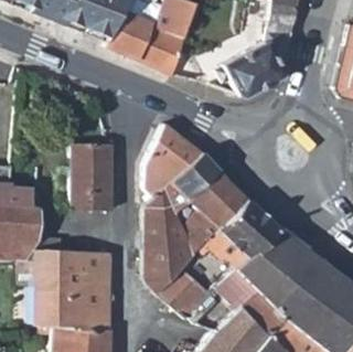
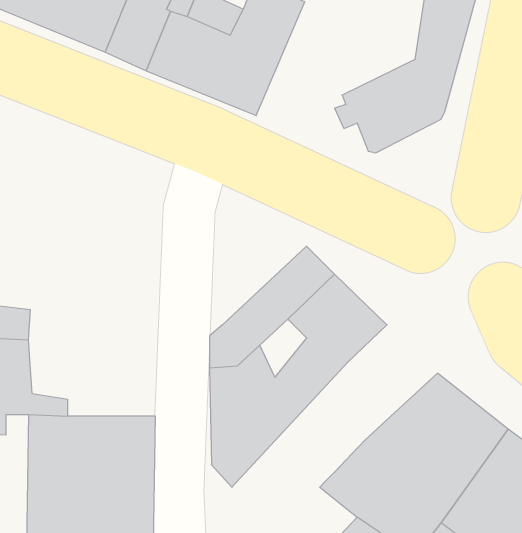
building: [143,122,201,196] -> none
building: [71,145,114,211] -> none
building: [157,196,278,313] -> none

